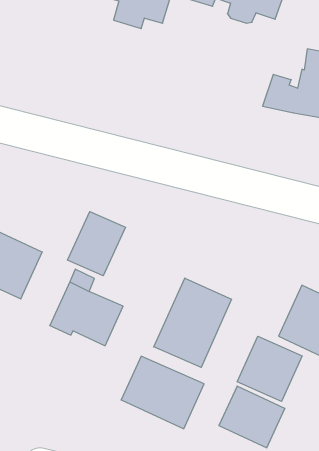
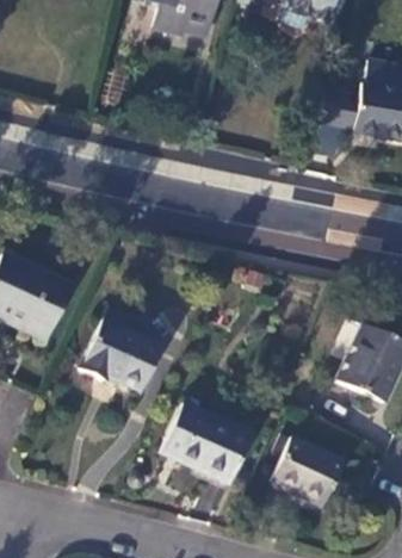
building: [67,212,125,276] -> none
building: [154,278,232,367] -> none
building: [237,336,302,401] -> none

